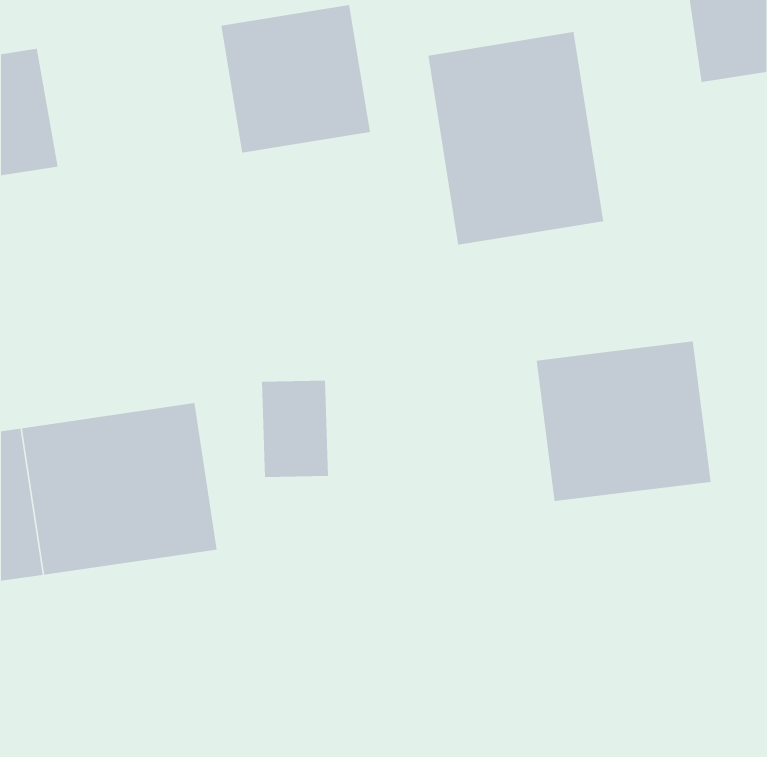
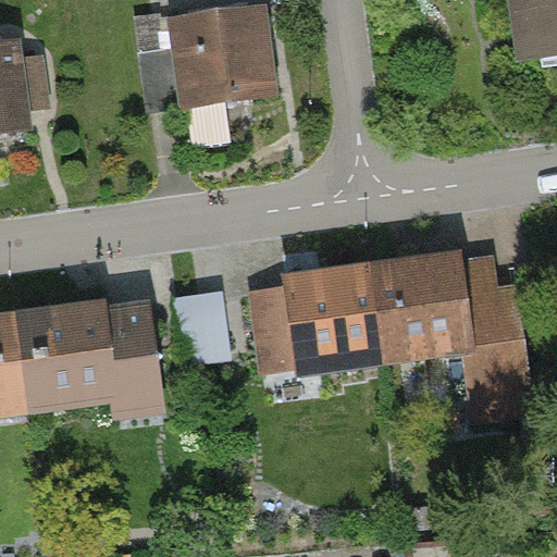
building: [428,31,604,246] -> none
building: none -> [274,261,401,377]

